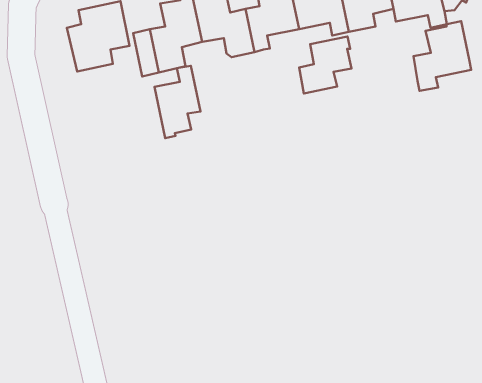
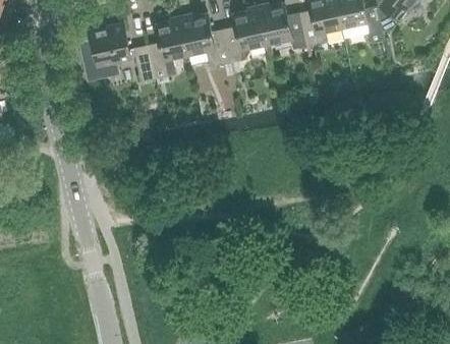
building: [414,21,471,91] -> none
building: [299,37,351,93] -> none
building: [155,66,200,138] -> none

